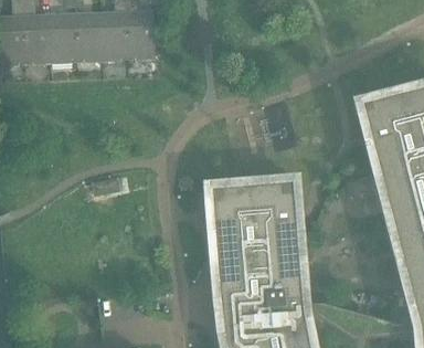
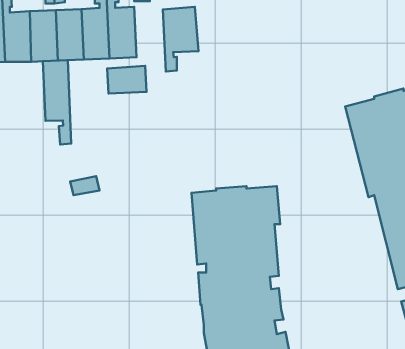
building: none -> [163,7,199,72]
building: none -> [43,60,71,145]
building: none -> [107,66,147,94]

